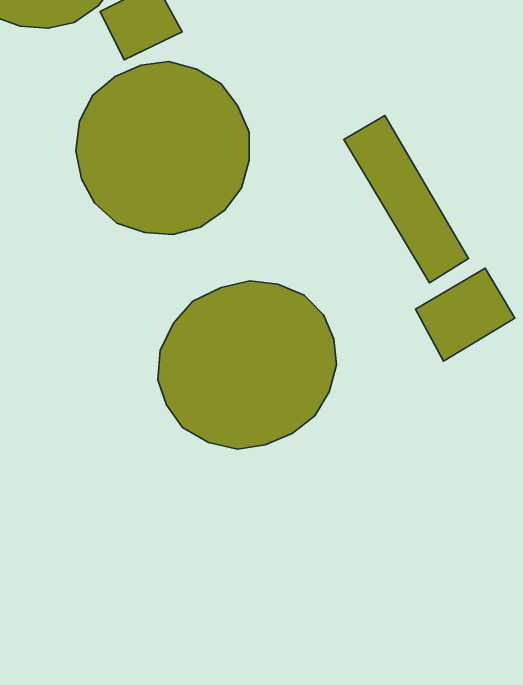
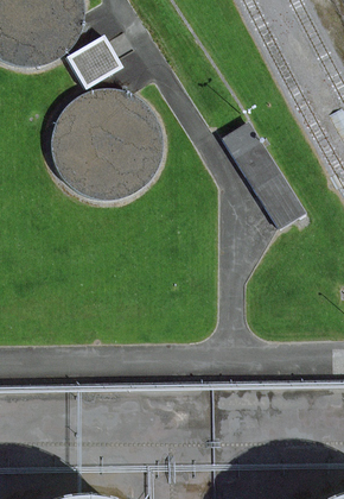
building: [415,268,515,361] -> none
building: [158,281,337,449] -> none

